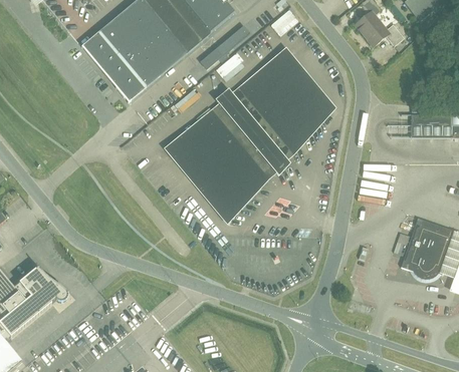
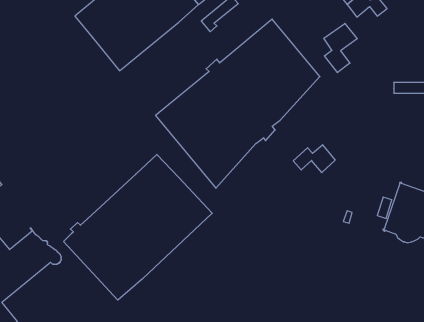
building: none -> [324,23,357,73]
building: none -> [293,145,335,173]
building: none -> [64,154,212,300]

